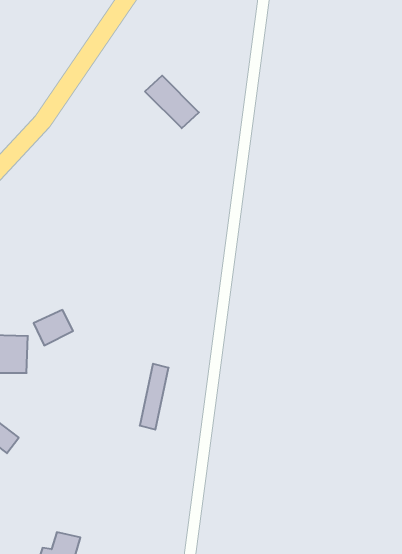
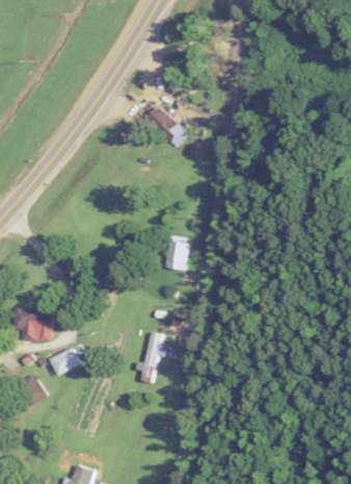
building: none -> [164,234,192,271]
building: [34,310,73,345] -> [50,348,81,376]

